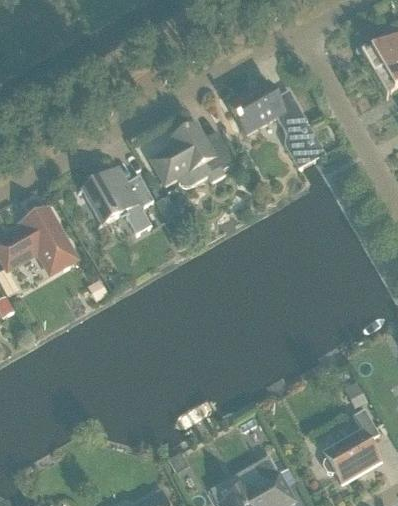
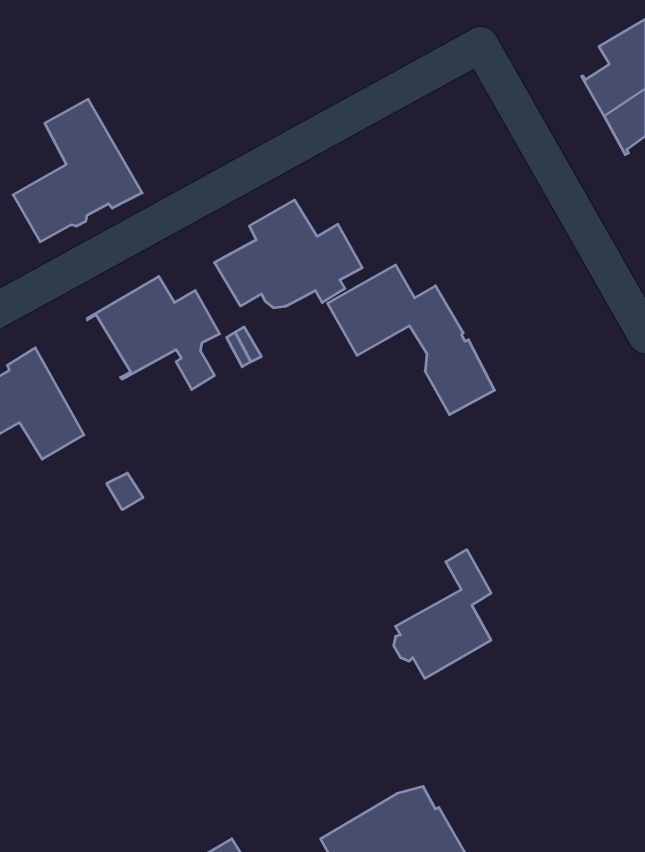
building: none -> [13,99,142,242]
building: [228,80,324,166] -> [328,265,495,415]
building: [322,407,378,481] -> [394,550,491,678]

